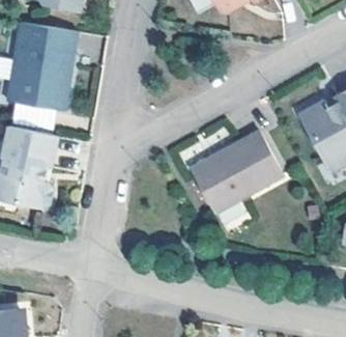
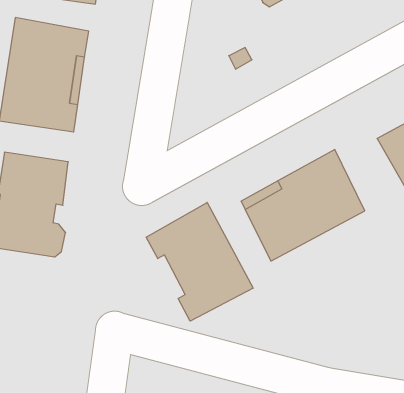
building: none -> [146,202,253,321]

